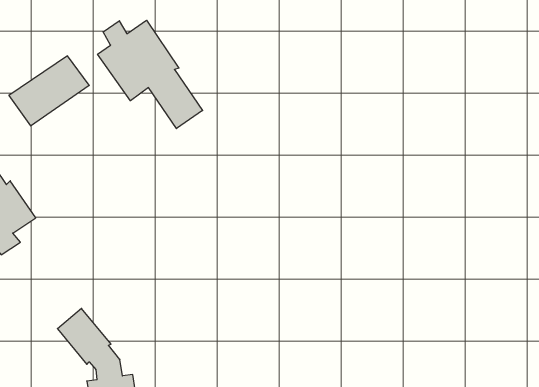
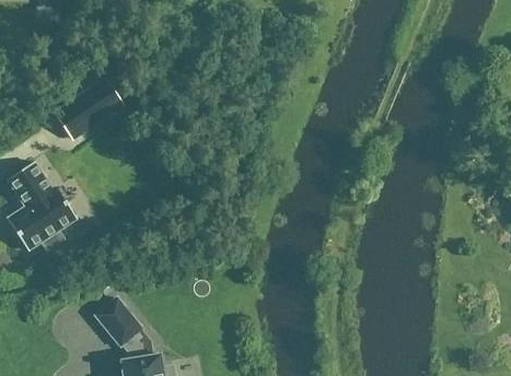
building: [98,20,203,129] -> none

